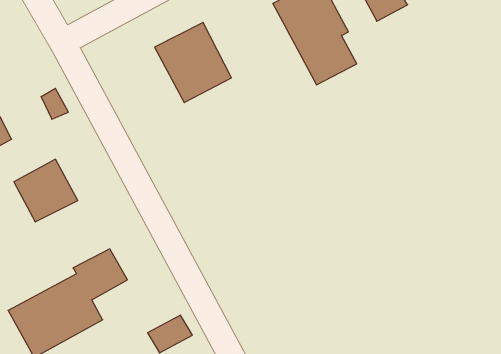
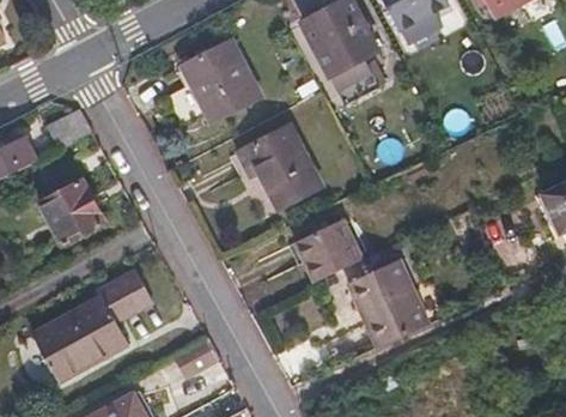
building: none -> [237,126,319,207]
building: none -> [293,218,361,282]
building: none -> [346,260,427,348]

